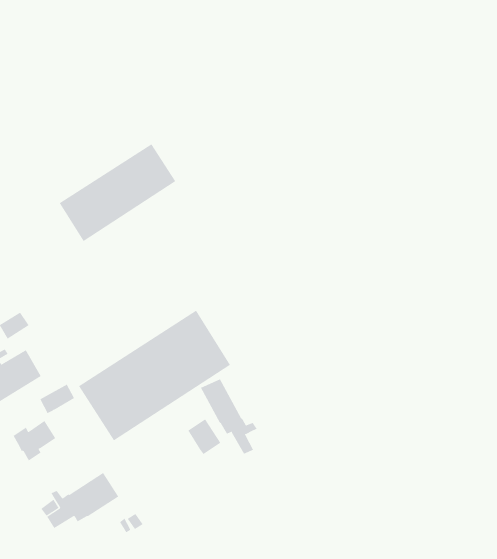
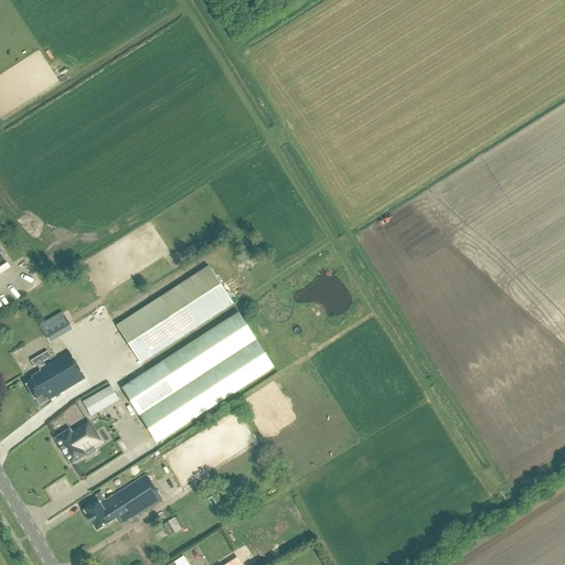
building: [59,144,176,242] -> [116,265,233,363]
building: [200,379,257,455] -> none
building: [188,419,221,455] -> none

